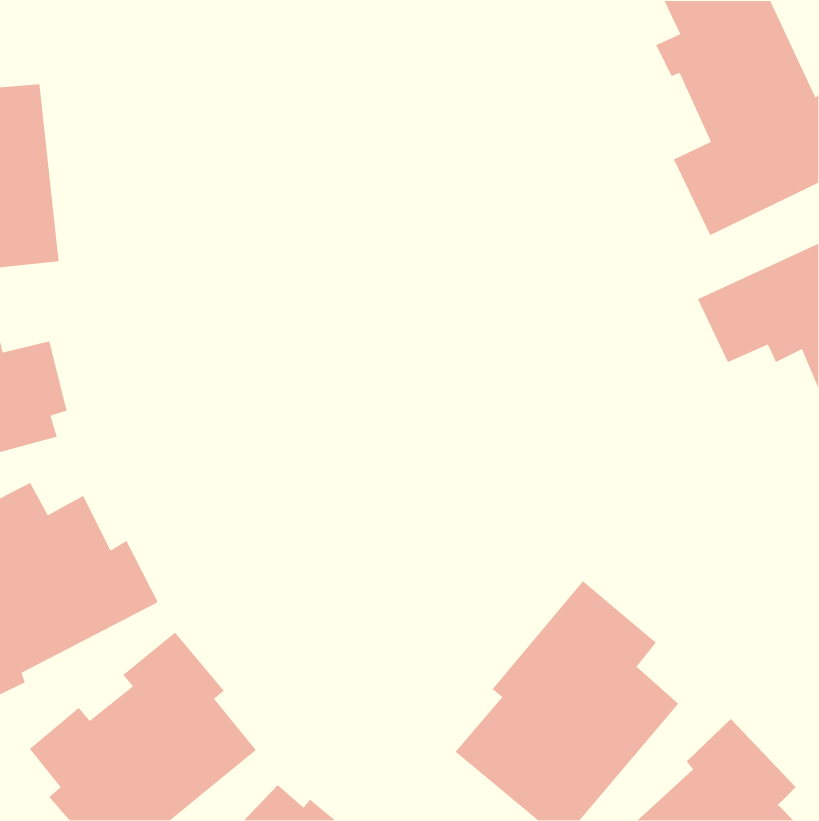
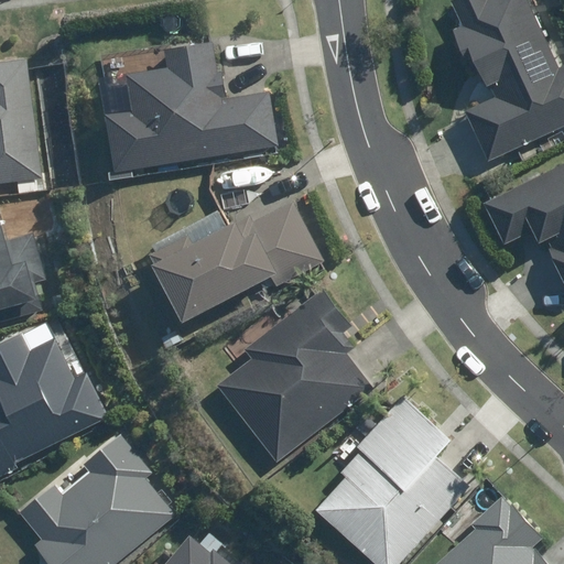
building: none -> [104,40,279,174]
building: none -> [147,194,327,324]
building: none -> [216,289,373,462]

